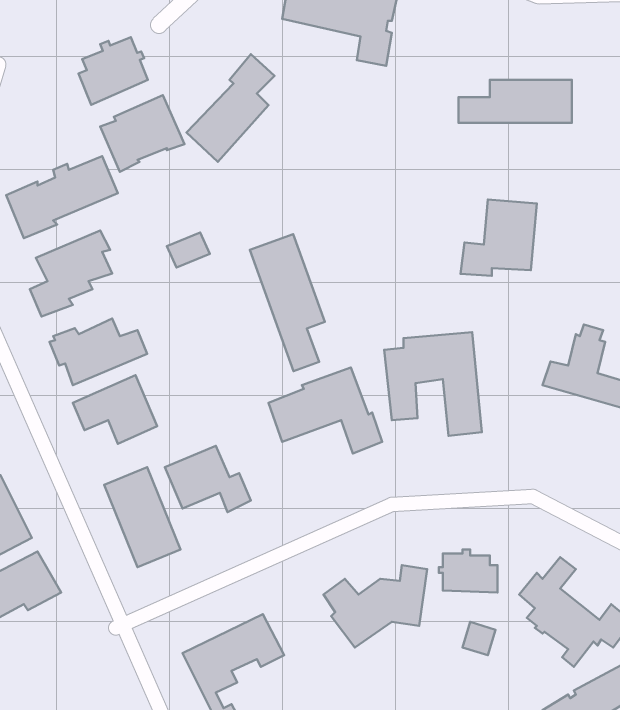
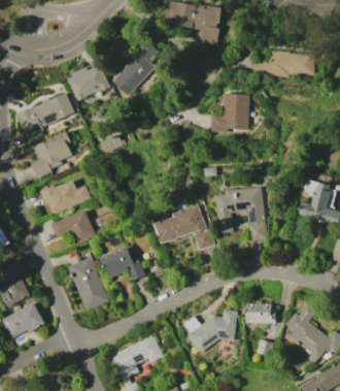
building: [78,37,148,105] -> none
building: [461,200,537,276] -> [210,92,250,132]
building: [250,234,325,371] -> none

